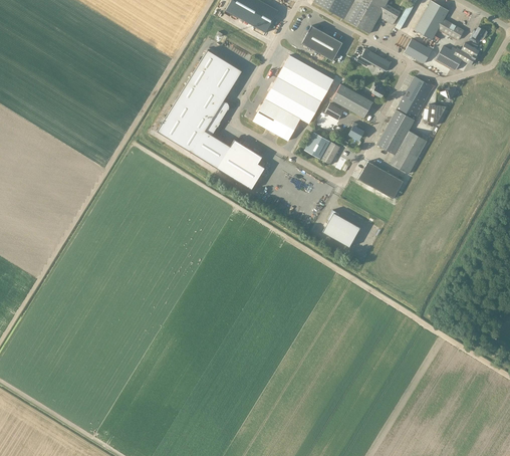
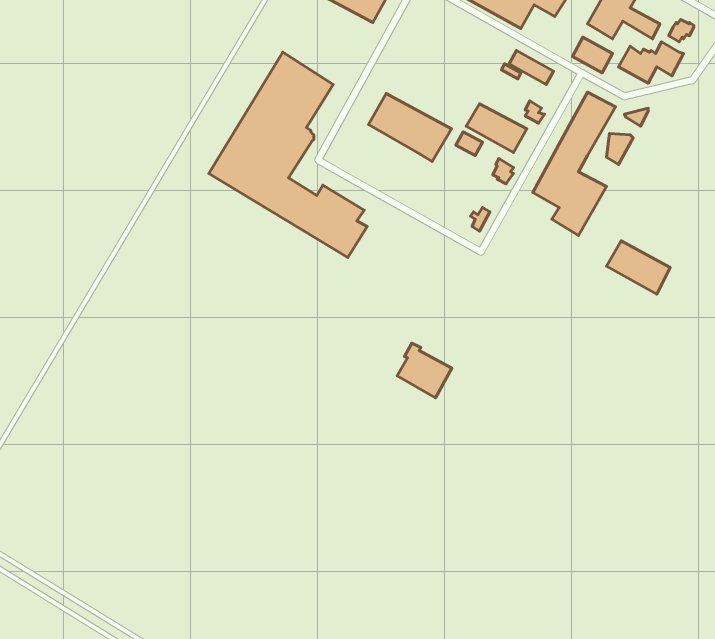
building: [305,25,343,60] -> none
building: [278,55,334,101] -> none
building: [253,98,301,141] -> none
building: [304,136,340,165] -> none
building: [358,162,402,198] -> [606,241,670,294]
building: [323,210,360,247] -> [397,343,452,398]

